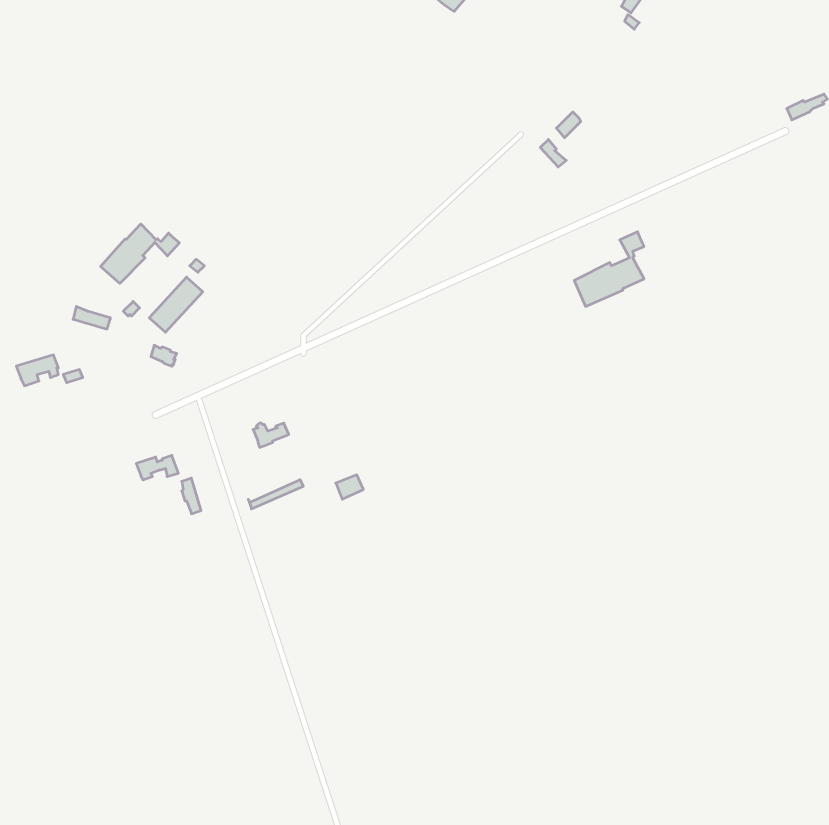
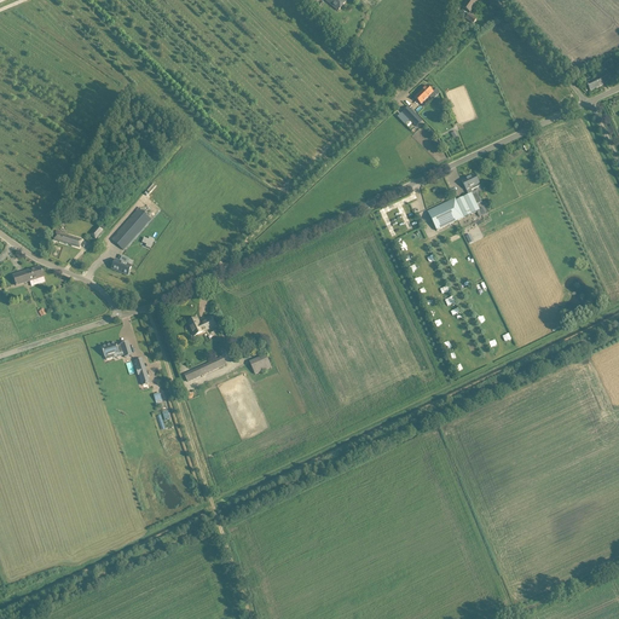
building: [101,224,179,283] -> none

